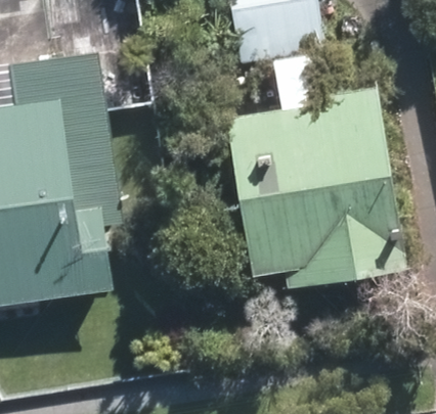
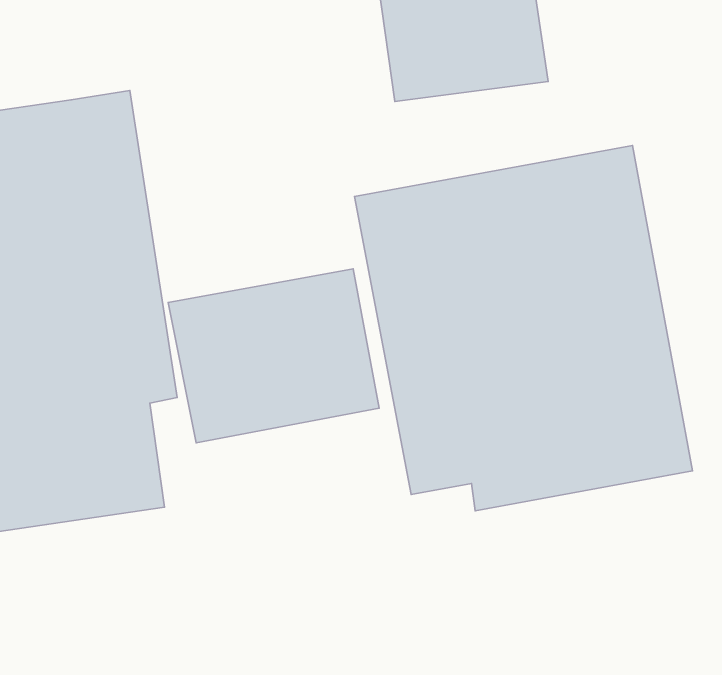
building: none -> [168,269,379,443]

